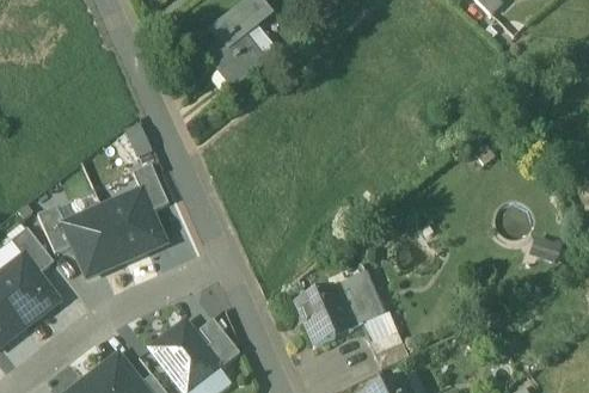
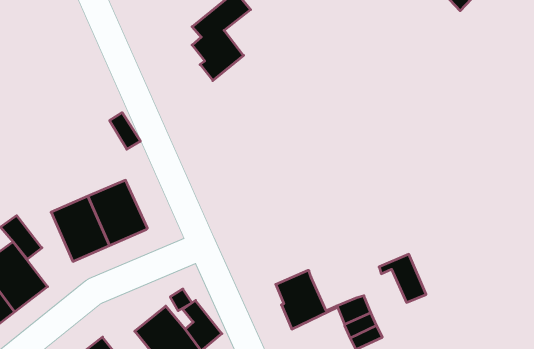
building: [131,164,167,210] -> none
building: [37,205,70,252] -> none
building: [331,271,380,321] -> [379,254,426,302]

